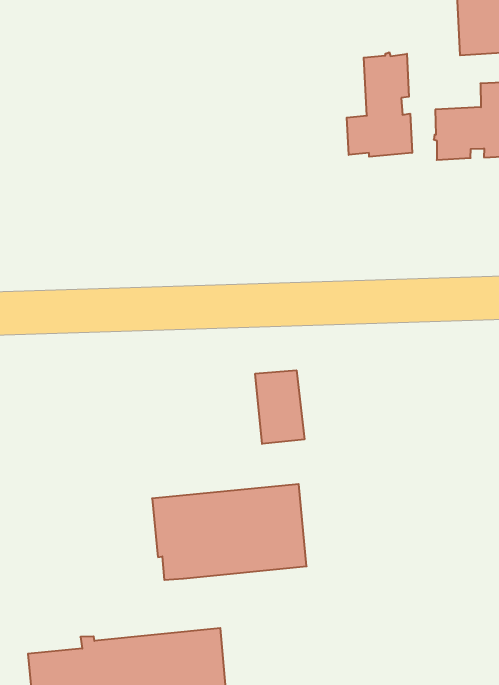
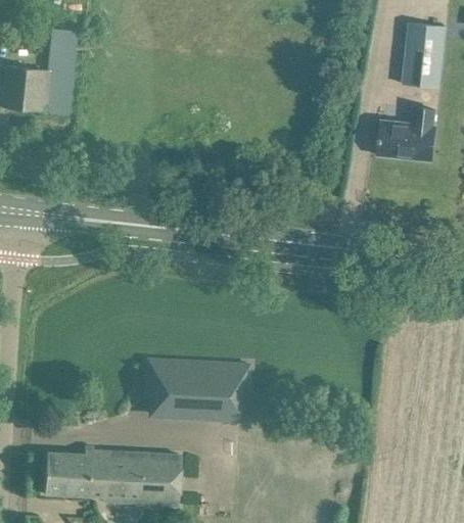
building: [347,52,412,157] -> none
building: [255,370,304,444] -> none

